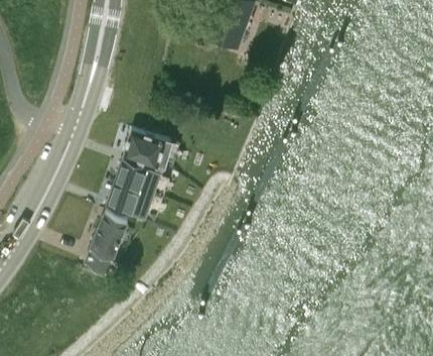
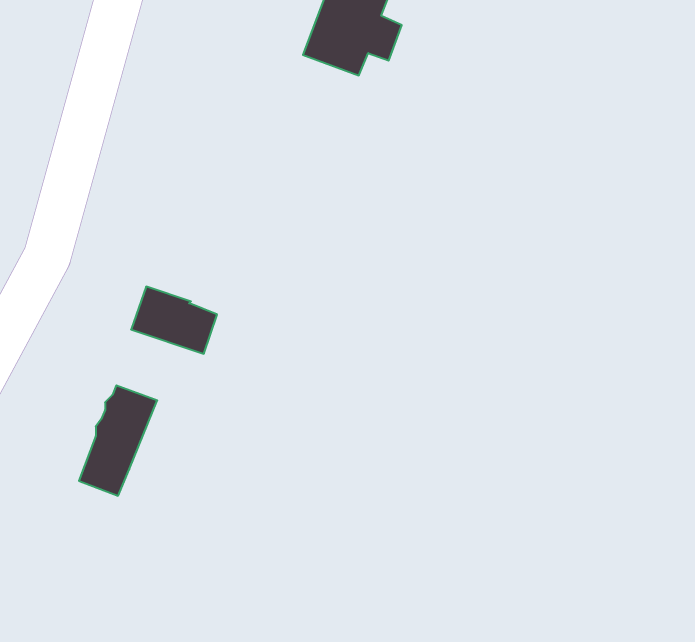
building: [124,129,171,166] -> none
building: [107,181,154,216] -> none

